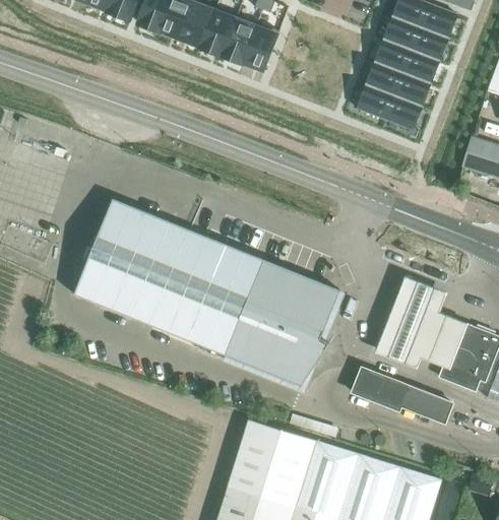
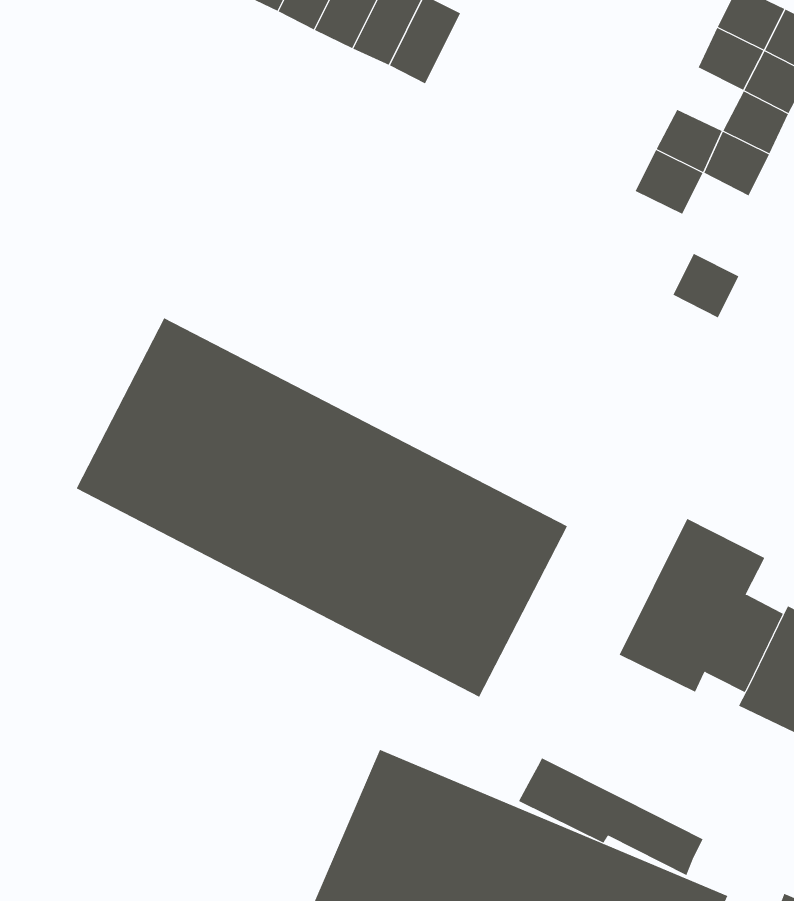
building: [242,23,278,71] -> none
building: [377,41,412,73] -> none
building: [385,96,420,130] -> [673,253,739,318]
building: [352,369,452,425] -> [518,758,703,876]

